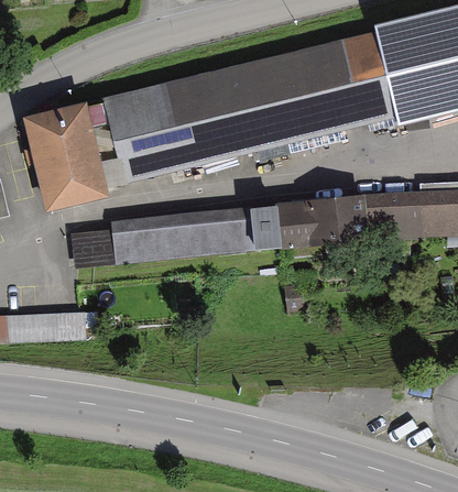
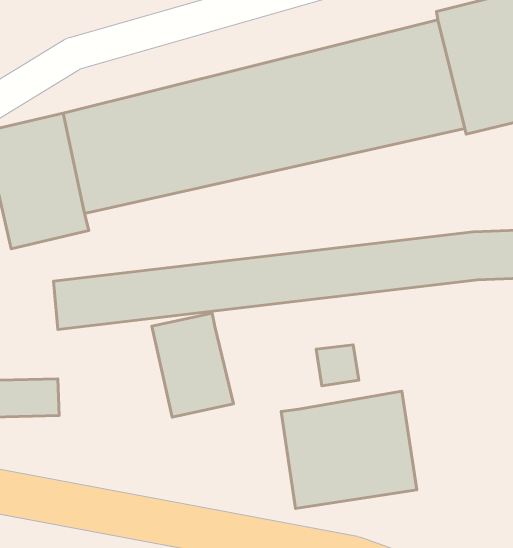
building: none -> [152,313,233,417]
building: none -> [281,391,417,508]

